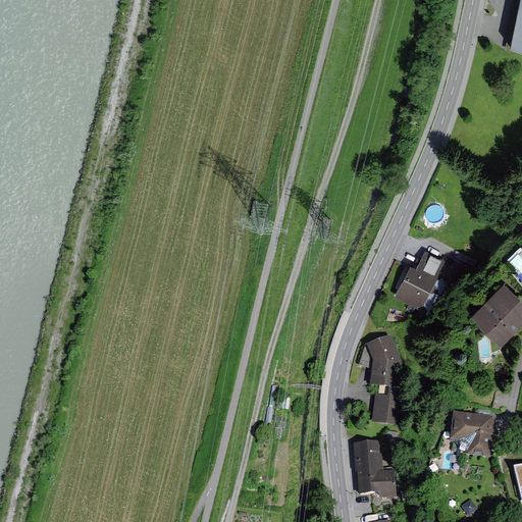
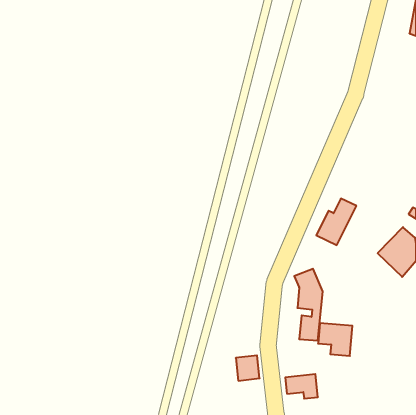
building: [452,414,494,455] -> [318,323,352,356]
building: [353,439,382,471] -> [236,355,260,381]

